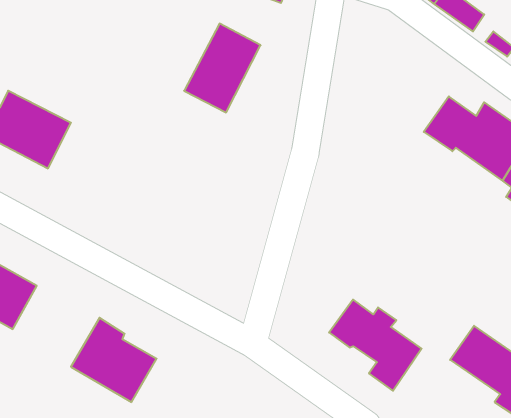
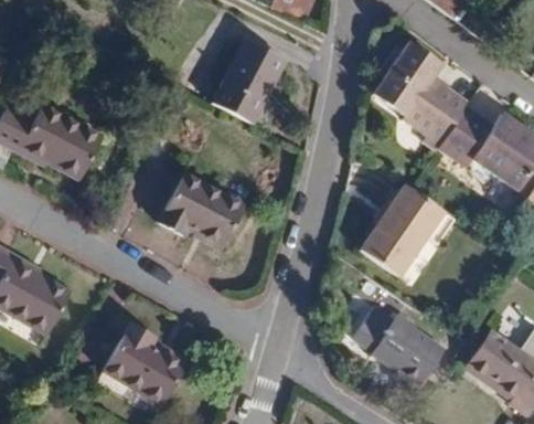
building: none -> [375,43,470,150]
building: none -> [158,172,244,247]
building: none -> [356,183,451,274]

